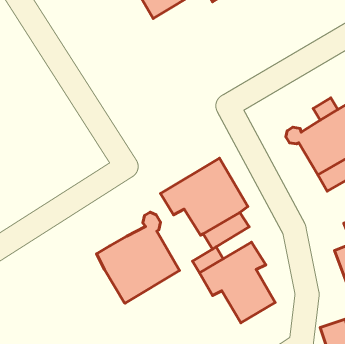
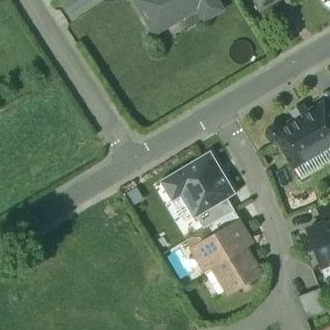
building: [96,212,180,303] -> none

